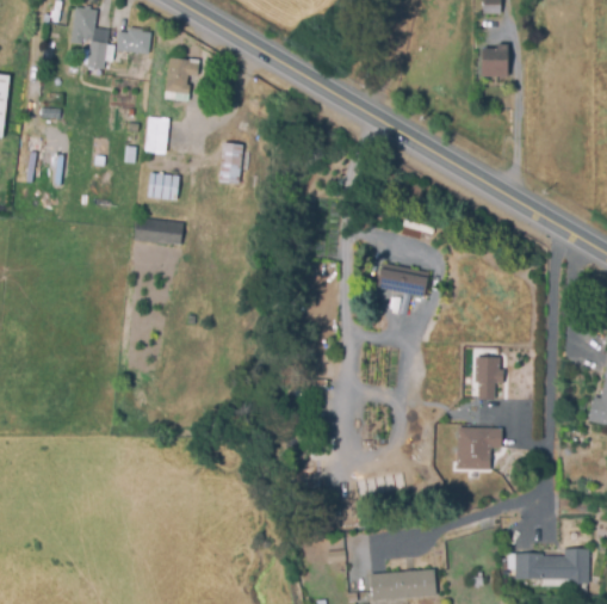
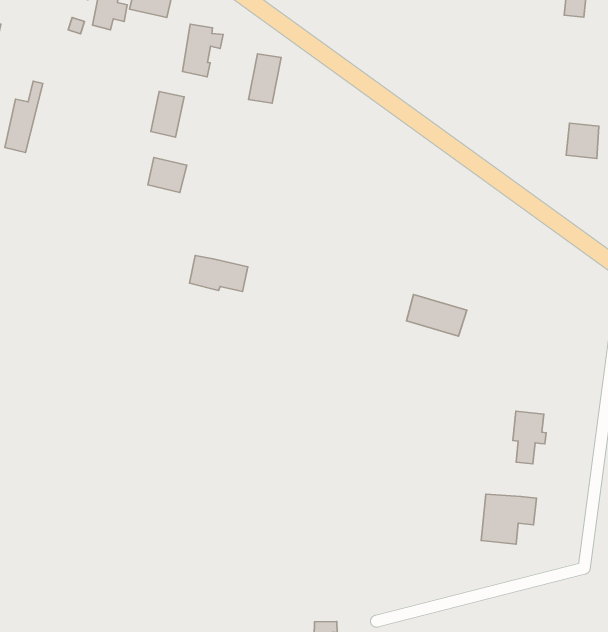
building: [481,55,507,82] -> [566,123,599,159]
building: [218,143,242,184] -> [249,54,281,103]
building: [132,217,180,245] -> [190,256,248,292]

